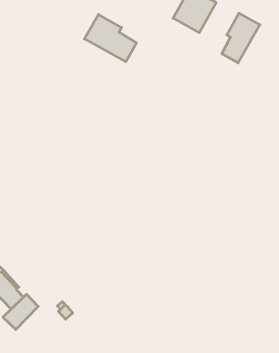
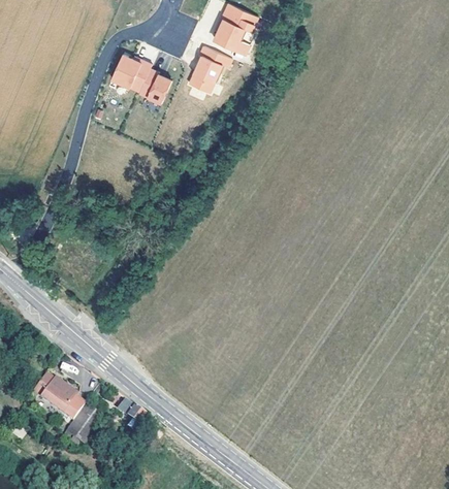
building: [222,13,260,63] -> none
building: none -> [188,45,233,94]

